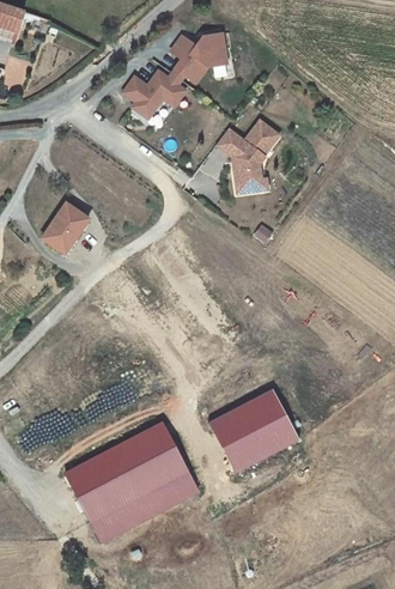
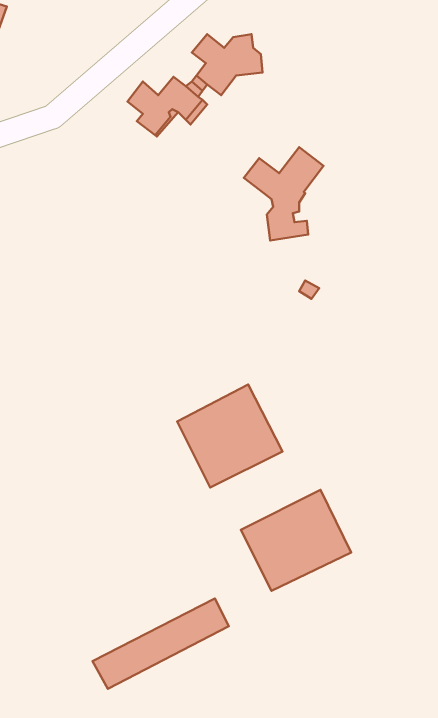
building: [42,202,89,254] -> none
building: none -> [177,384,282,488]
building: [66,423,188,523] -> none

